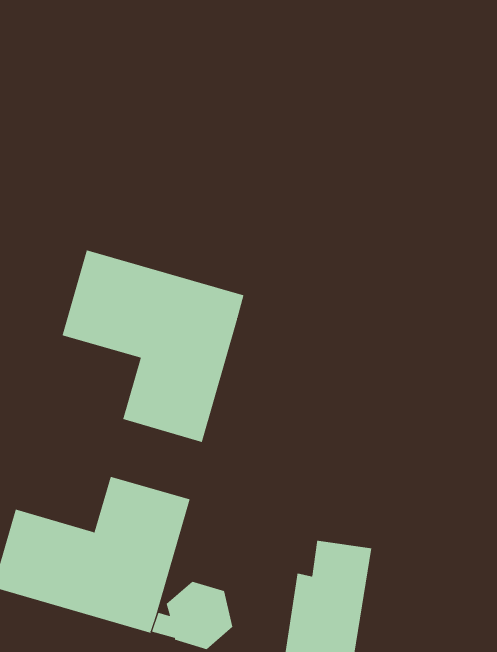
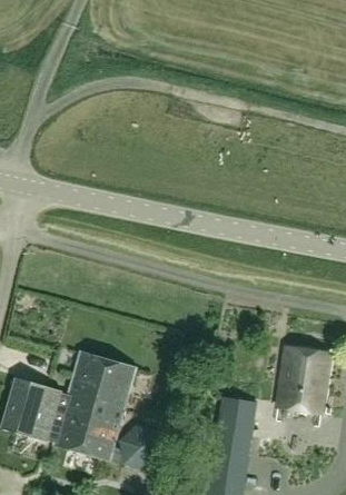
building: [62,249,244,443] -> none
building: none -> [276,348,330,413]

